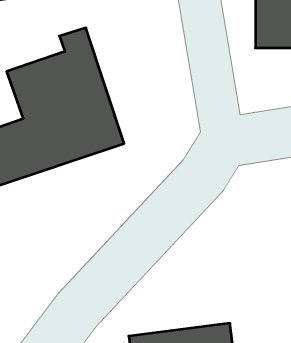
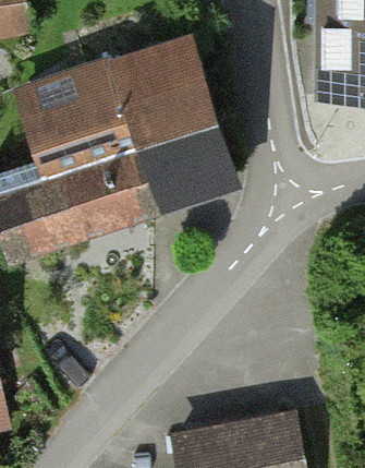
building: none -> [119,40,238,203]

